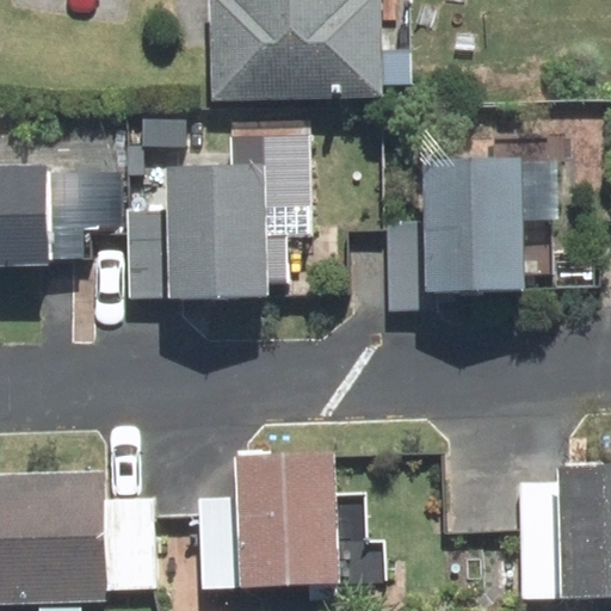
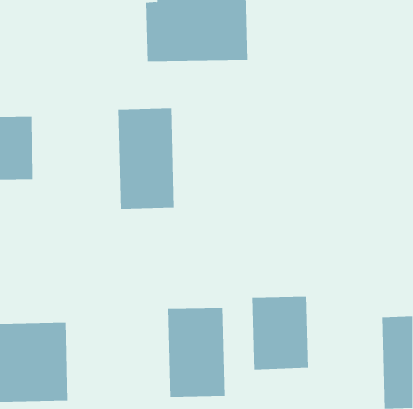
building: [440,158,526,297] -> none
building: none -> [252,296,309,370]

